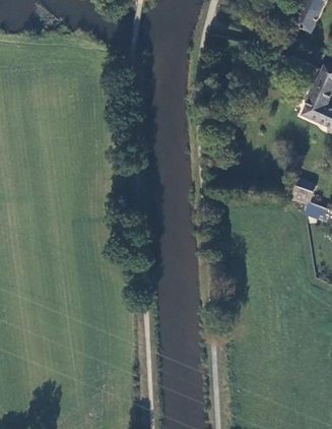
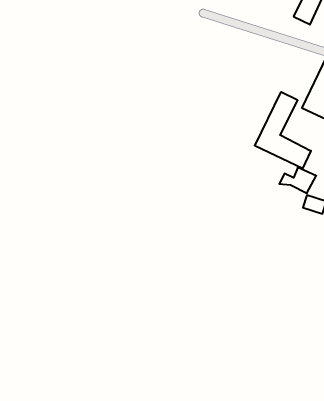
building: none -> [255,92,311,169]

